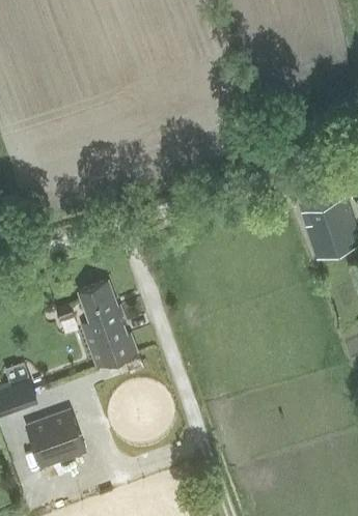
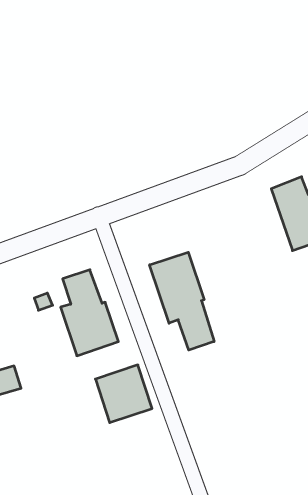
building: none -> [150,252,214,350]
building: [26,409,84,468] -> [95,365,152,423]

